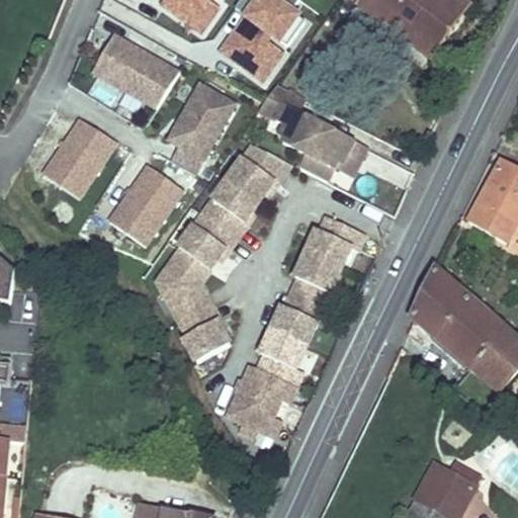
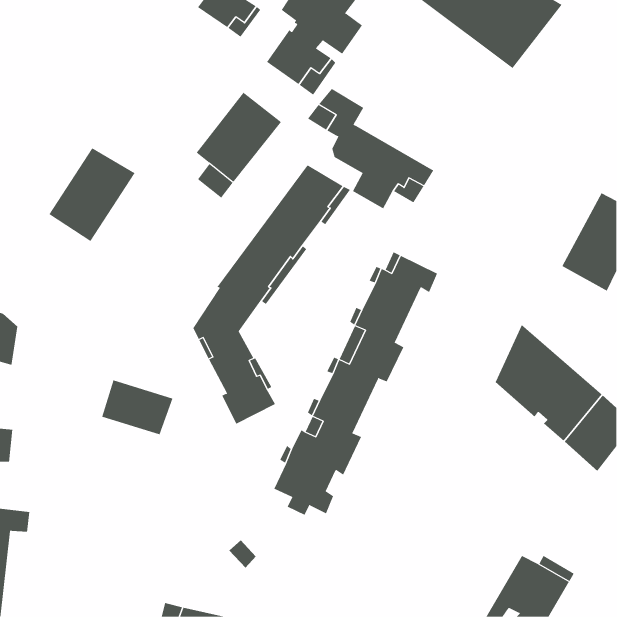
building: [91,36,180,114] -> none
building: [97,156,173,236] -> none
building: none -> [102,380,173,435]

